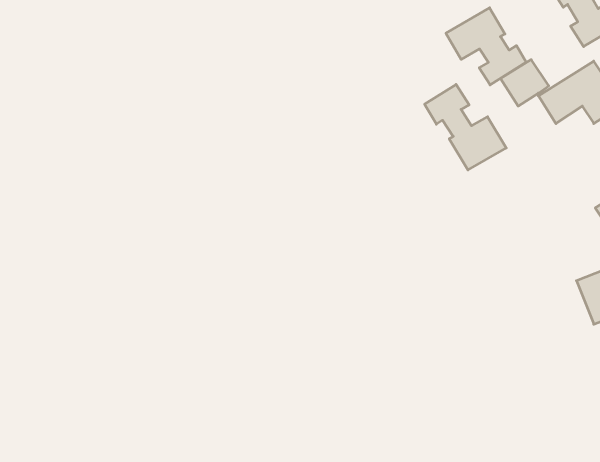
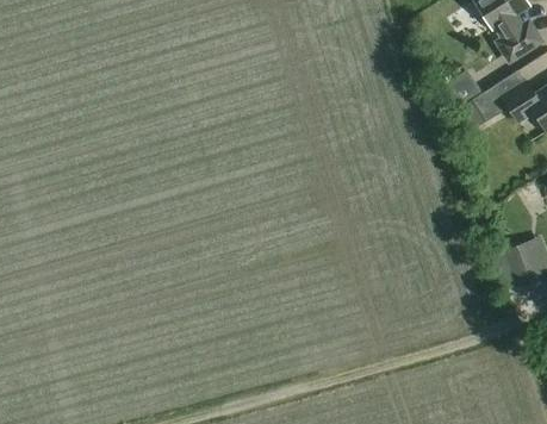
building: [446,8,526,85] -> none
building: [425,84,506,170] -> none

